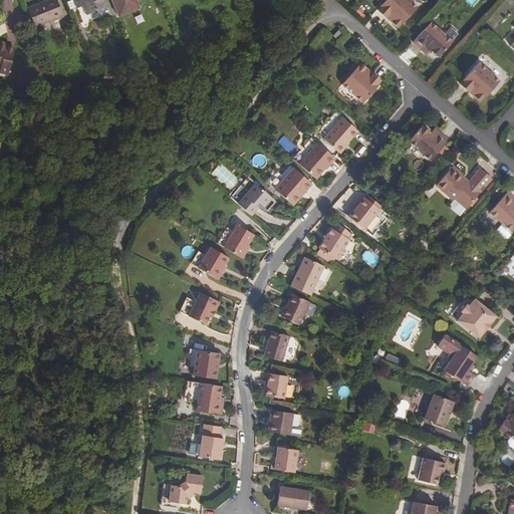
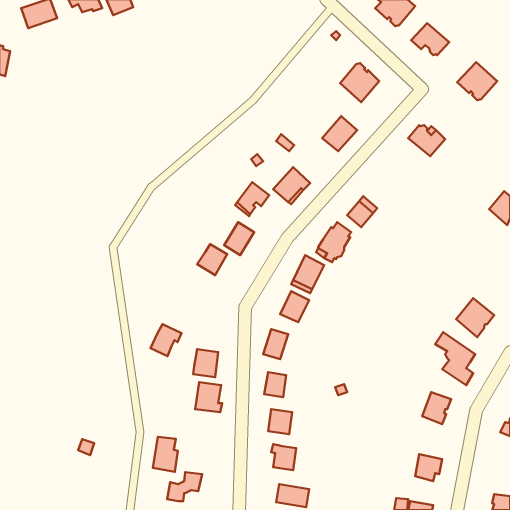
building: [299,143,334,179] -> none
building: [436,168,490,208] -> none
building: [187,291,218,323] -> [150,324,181,356]
building: [198,425,223,460] -> [153,437,178,472]

